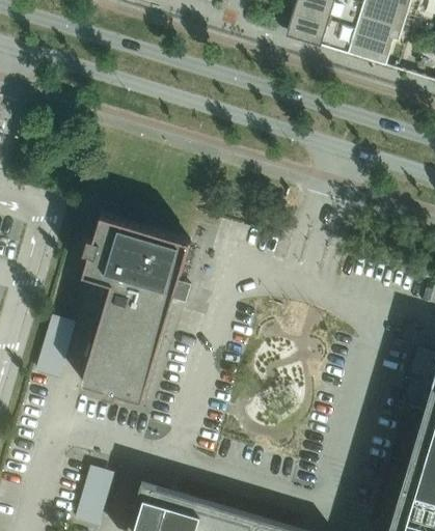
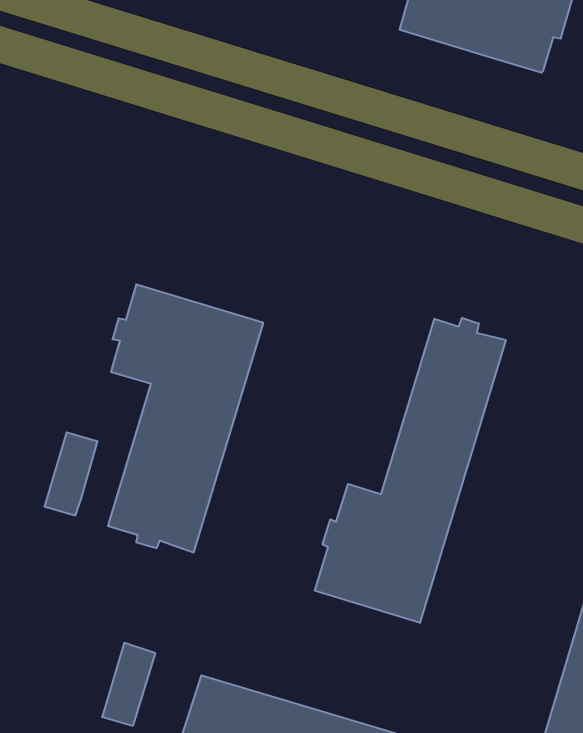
building: none -> [315,318,506,623]

